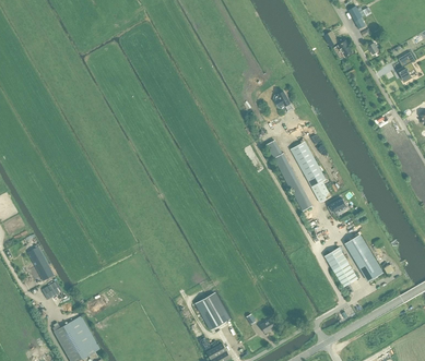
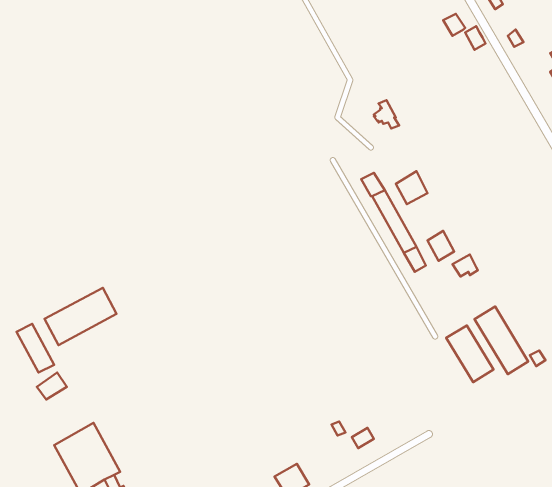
building: [297,155,324,188] -> none
building: none -> [45,288,116,345]
building: [194,291,228,327] -> none

